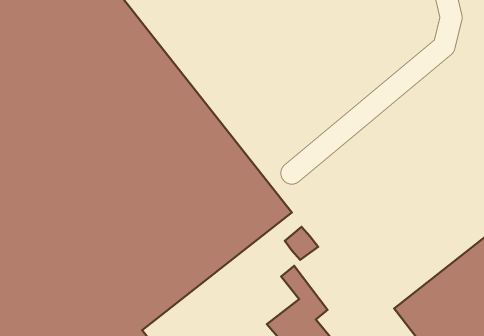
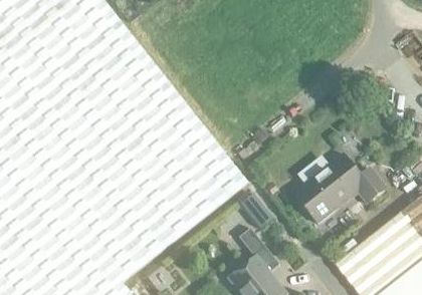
building: none -> [293,154,385,225]

